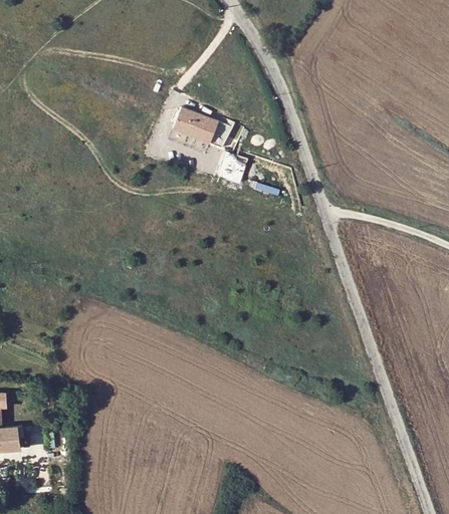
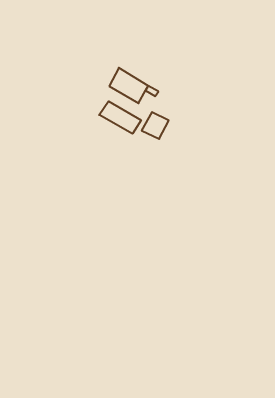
building: none -> [99,101,141,134]

